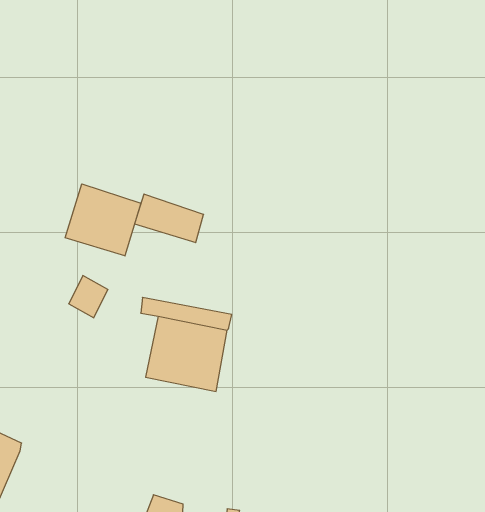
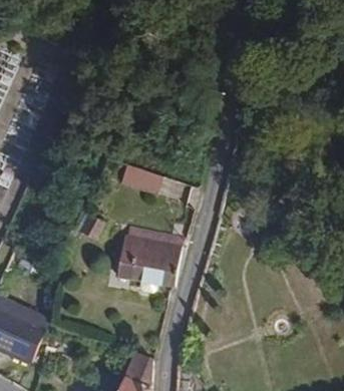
building: [65,184,141,256] -> none

